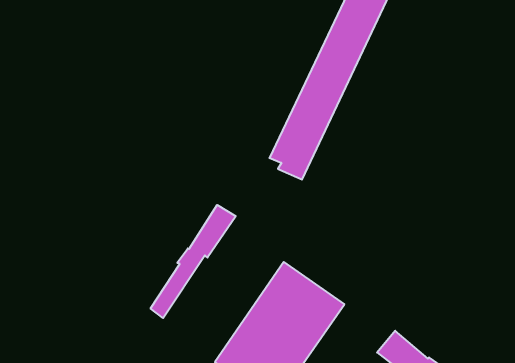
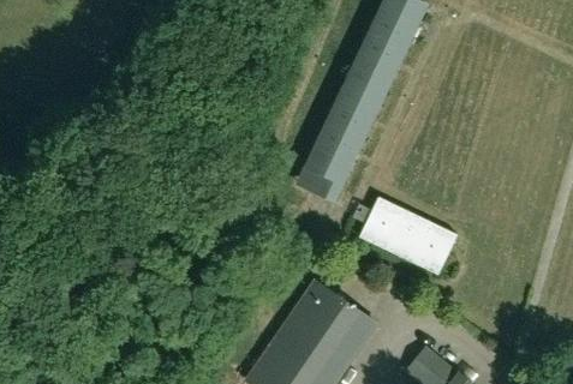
building: none -> [352,193,456,271]
building: [151,205,236,318] -> none

